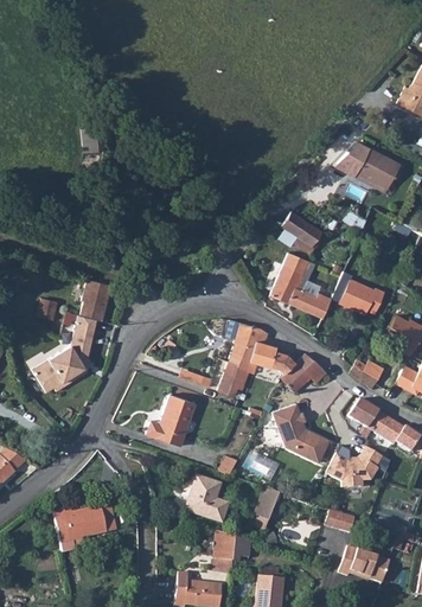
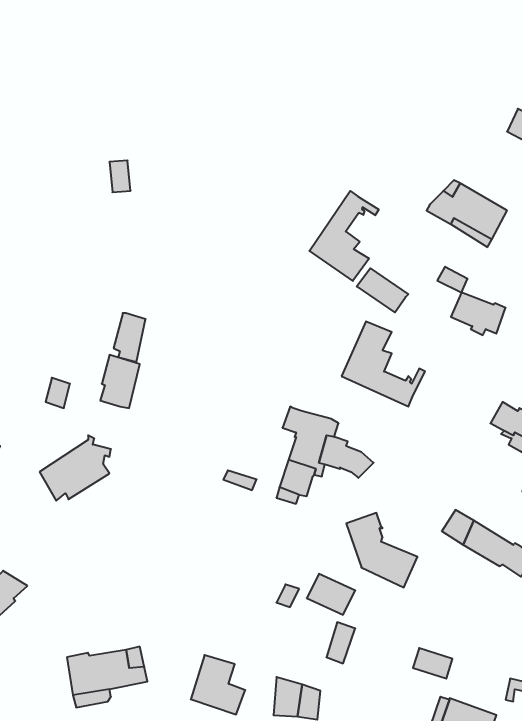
building: none -> [309,191,379,281]
building: [339,281,382,314] -> [451,293,506,335]
building: [71,314,96,352] -> [114,313,146,362]
building: [280,353,327,394] -> none
building: [350,360,383,388] -> none
building: [146,396,194,447] -> none
building: [325,446,381,486] -> none
building: [187,475,230,522] -> [191,655,245,714]

